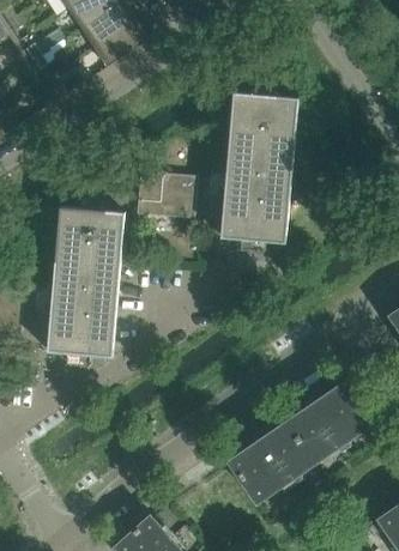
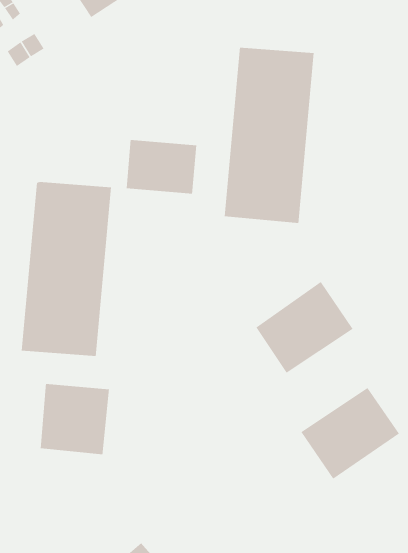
building: none -> [40,383,110,455]
building: [229,422,313,501] -> [256,281,353,374]

